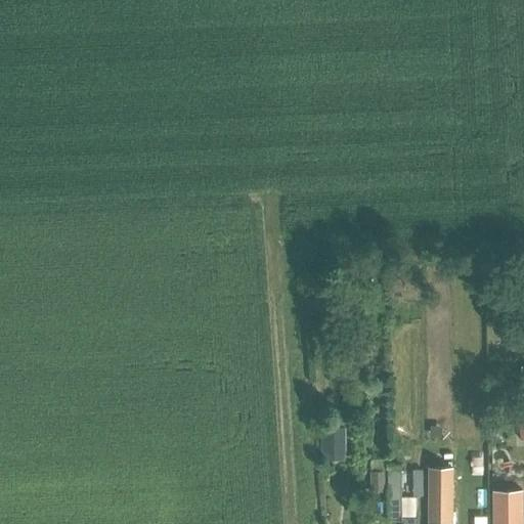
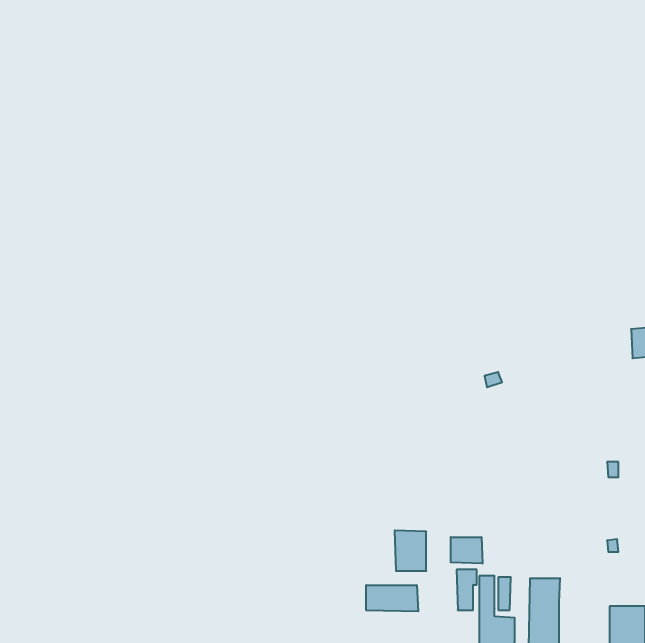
building: none -> [451,537,482,564]
building: none -> [366,585,418,611]

